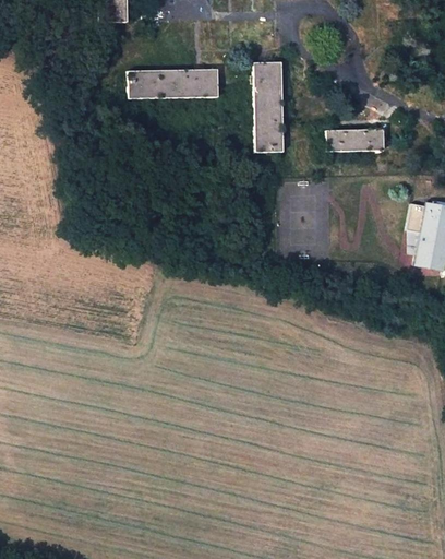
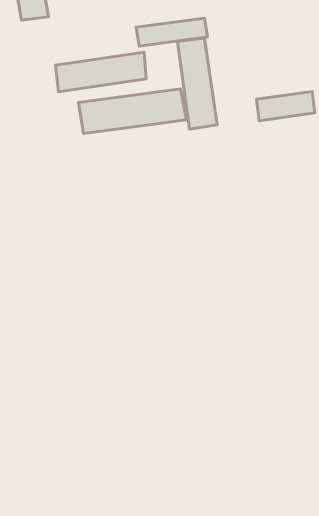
building: none -> [136,18,207,46]
building: none -> [79,89,187,134]

